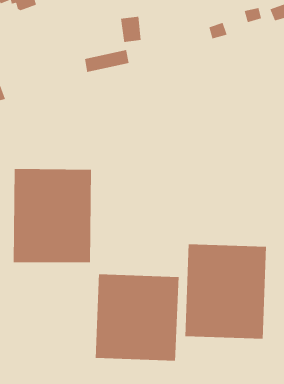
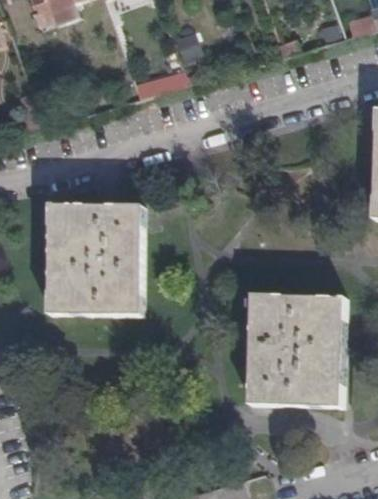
building: [95,274,179,362] -> none

